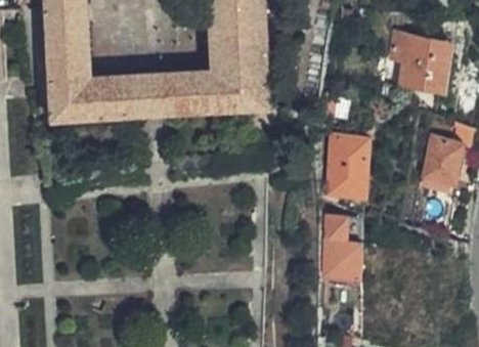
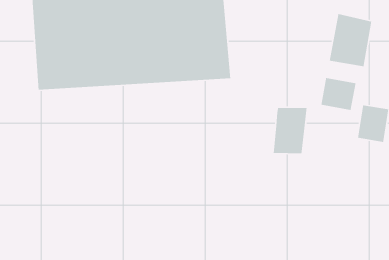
building: none -> [320,77,356,111]
building: [321,212,358,281] -> none

